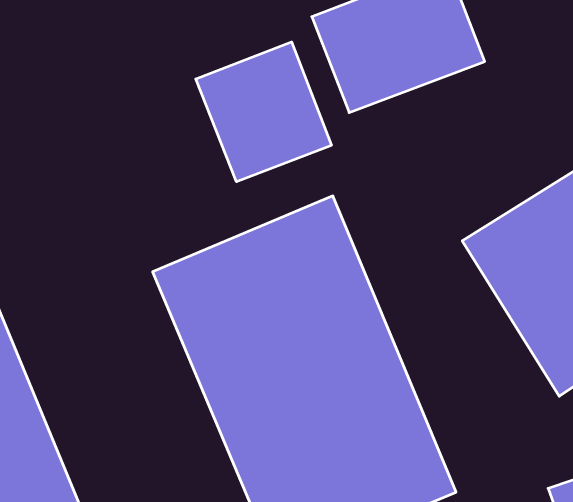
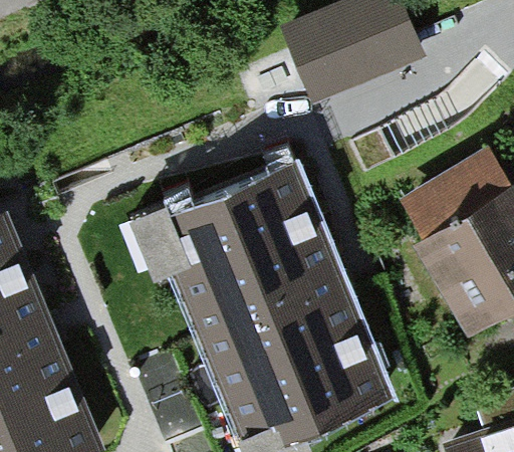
building: [196,42,331,182] -> none

